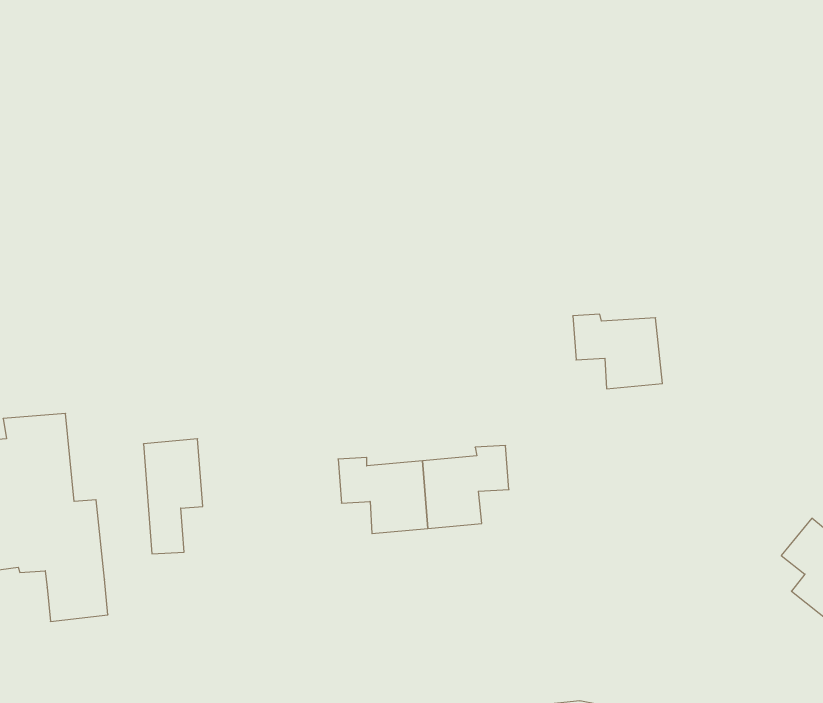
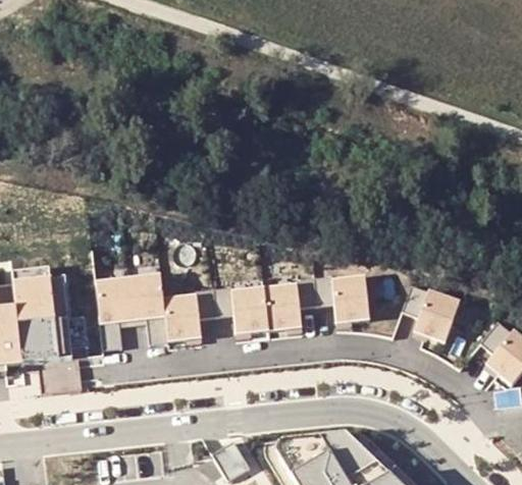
building: [573,314,662,389] -> [314,279,368,324]
building: none -> [128,273,215,342]
building: none -> [402,289,460,346]

